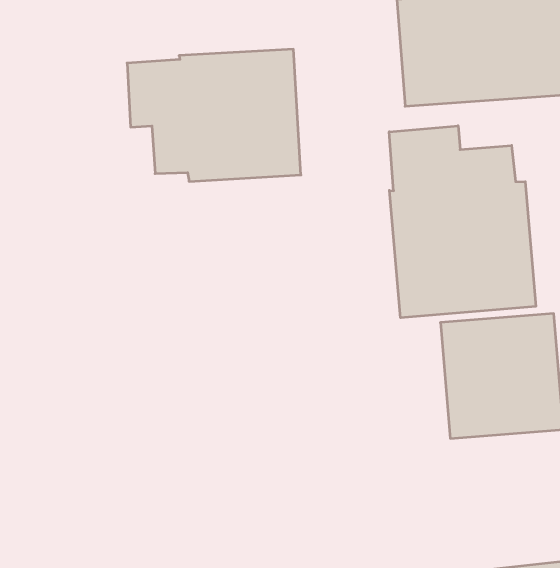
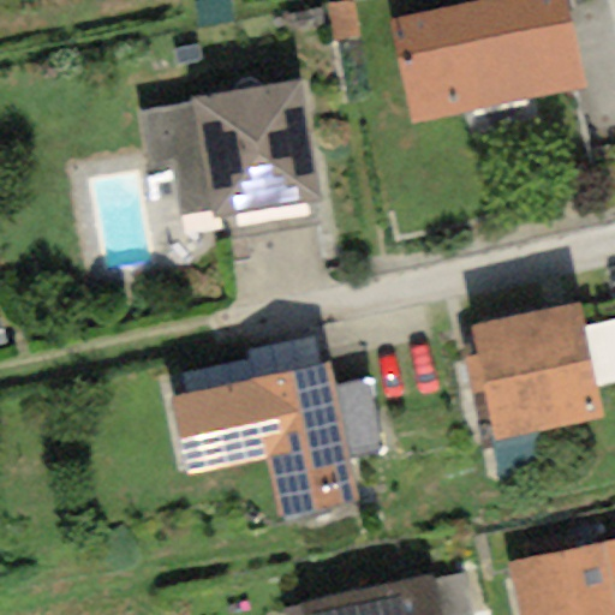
building: [389,126,536,318] -> none
building: none -> [168,360,358,517]

